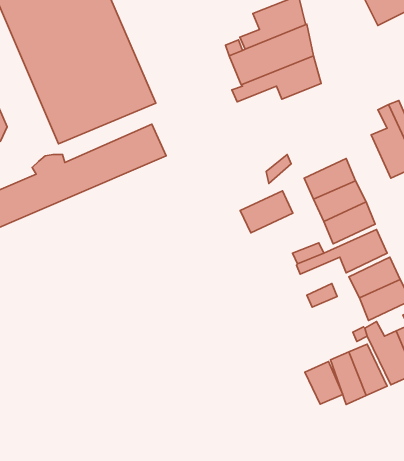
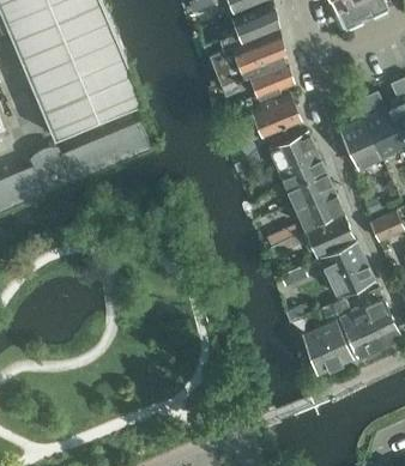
building: none -> [250,93,301,137]
building: [240,191,293,233] -> [268,131,316,169]
building: [305,362,343,404] -> none

